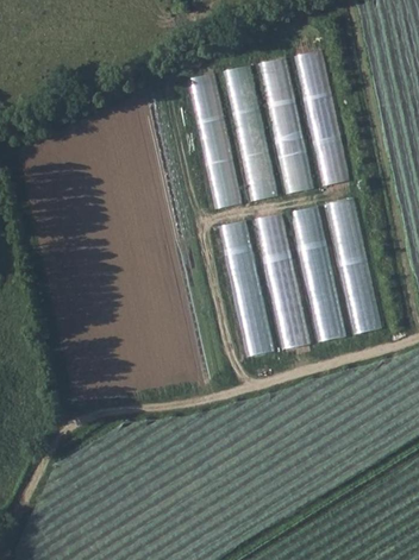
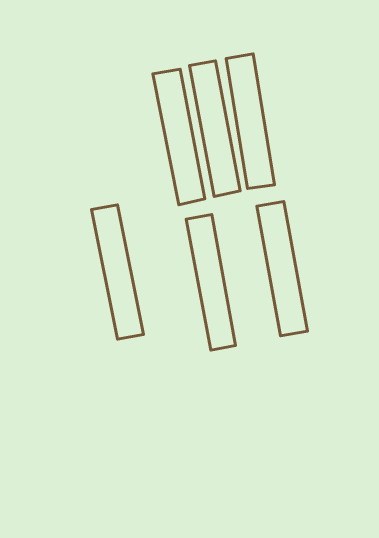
building: [296,50,348,185] -> none
building: [329,197,379,333] -> none
building: [256,213,308,348] -> [92,205,143,339]

